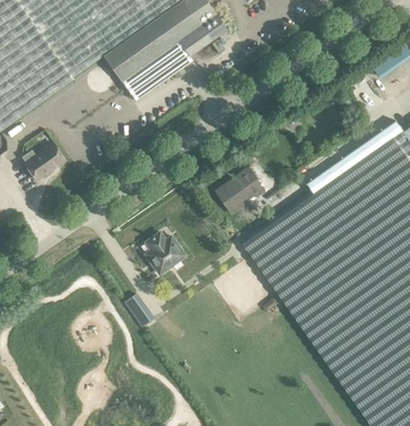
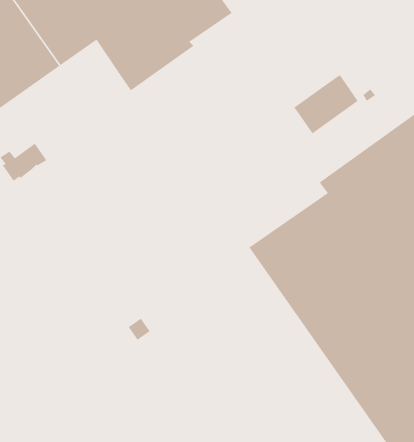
building: [213,159,272,213] -> [294,74,359,134]
building: [145,231,184,273] -> none

